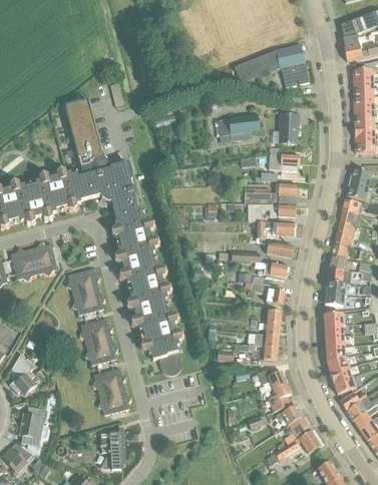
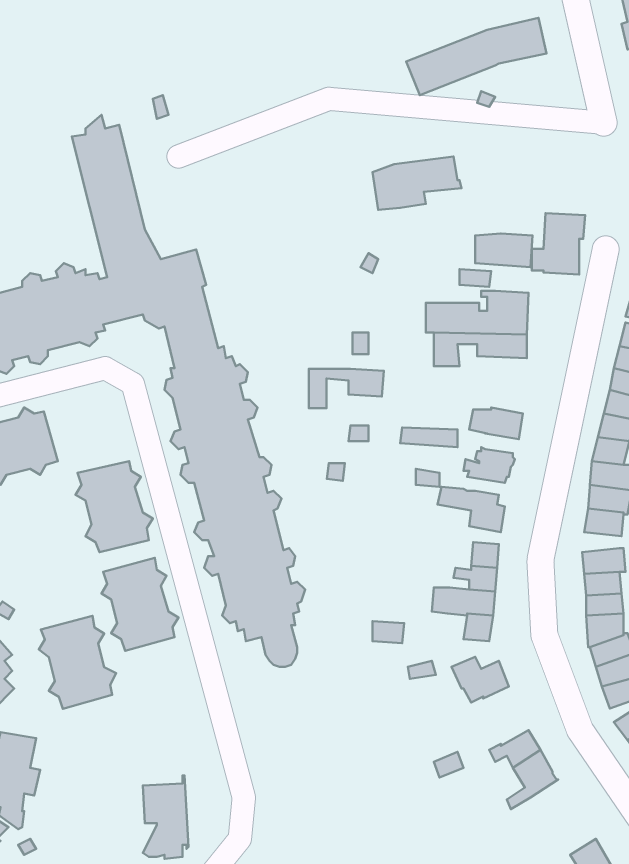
building: [281,62,309,87] -> none
building: [273,113,300,144] -> [532,213,585,274]
building: [256,221,294,241] -> [309,369,384,408]
building: [92,368,131,415] -> [39,616,116,709]
building: [268,383,291,412] -> none
building: [266,430,320,464] -> none

